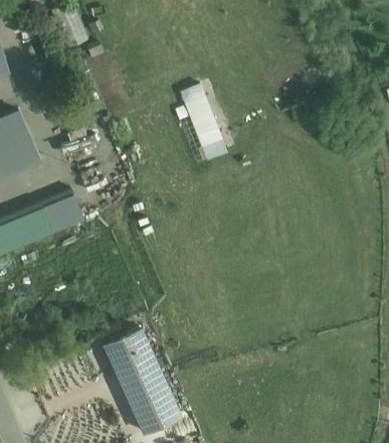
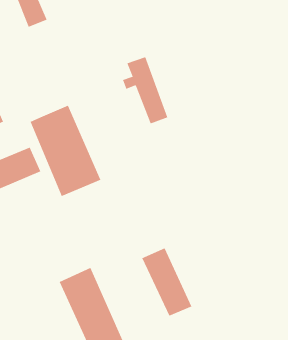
building: none -> [30,105,101,197]
building: none -> [141,248,192,317]

